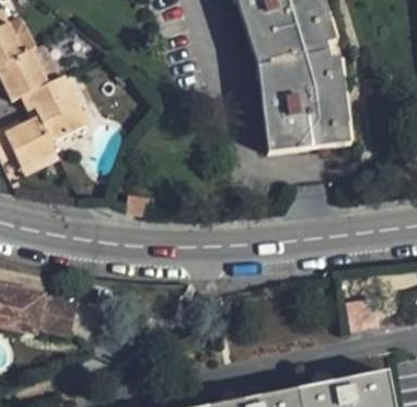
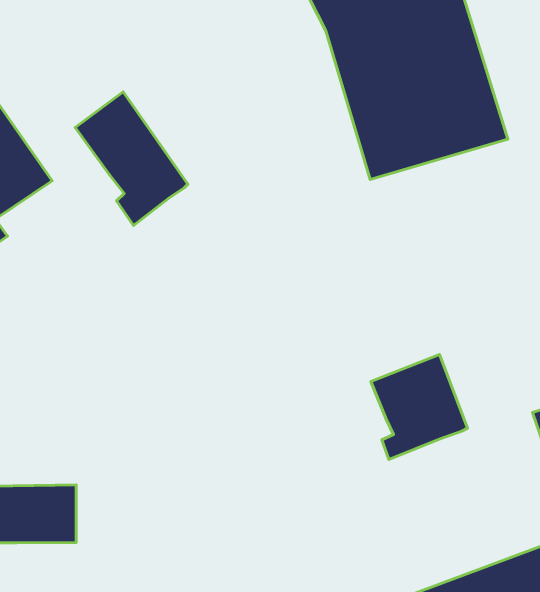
building: none -> [75,92,188,225]
building: none -> [371,354,467,460]

